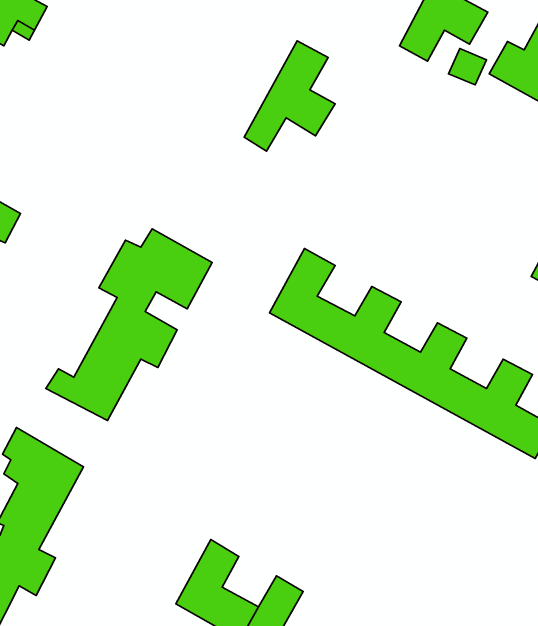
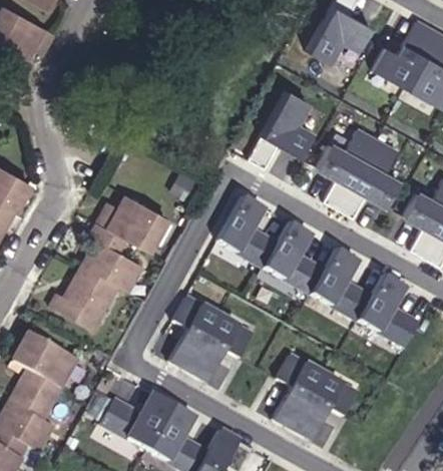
building: [244,41,335,151] -> [248,90,313,169]
building: none -> [317,129,399,218]
building: none -> [168,298,252,384]
building: none -> [273,355,356,441]
building: none -> [101,394,173,451]

